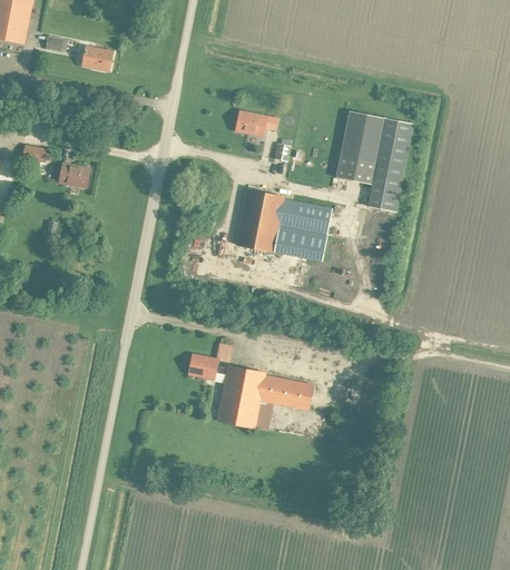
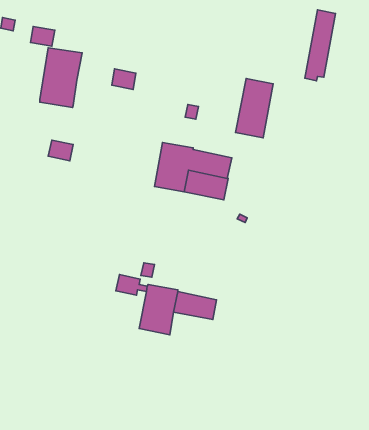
building: none -> [40,48,82,108]
building: [236,111,266,137] -> [112,69,136,90]
building: [371,119,409,207] -> [305,10,335,81]
building: [59,163,90,188] -> [48,140,73,161]

